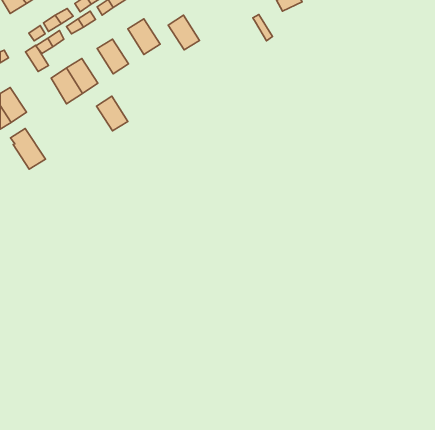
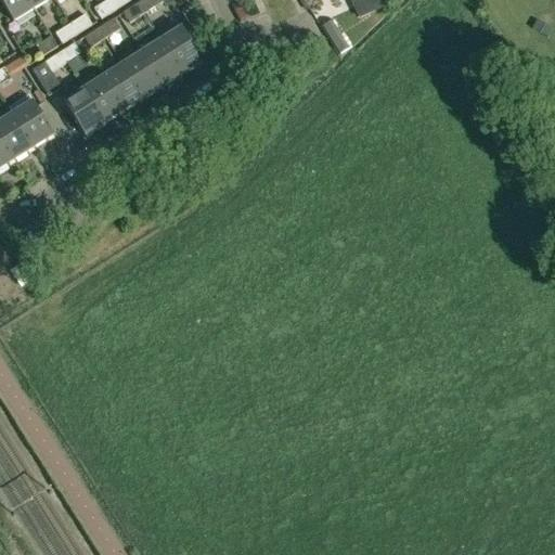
building: [168,15,200,50] -> [143,37,183,81]
building: [96,96,128,131] -> [104,62,144,106]
building: [11,128,45,169] -> [10,91,54,143]

